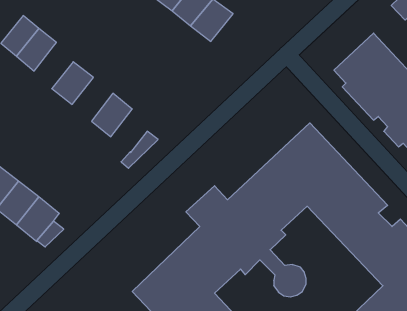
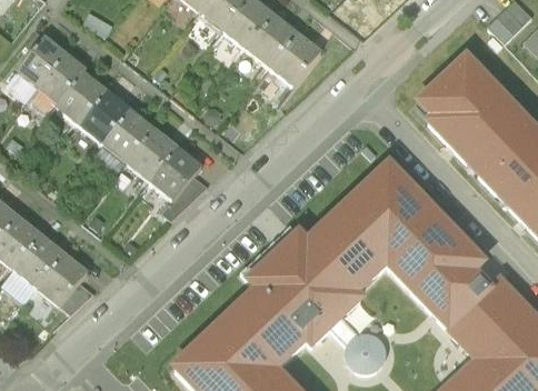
building: none -> [270,33,320,86]
building: none -> [56,72,104,123]
building: none -> [103,110,152,162]
building: none -> [150,148,200,200]

